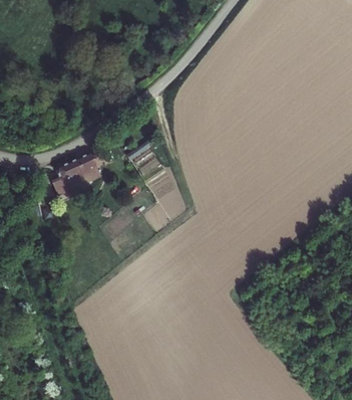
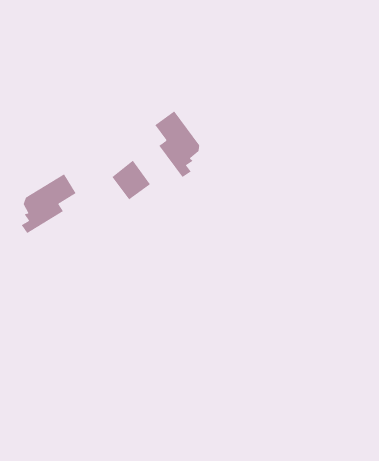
building: none -> [155,110,200,178]

